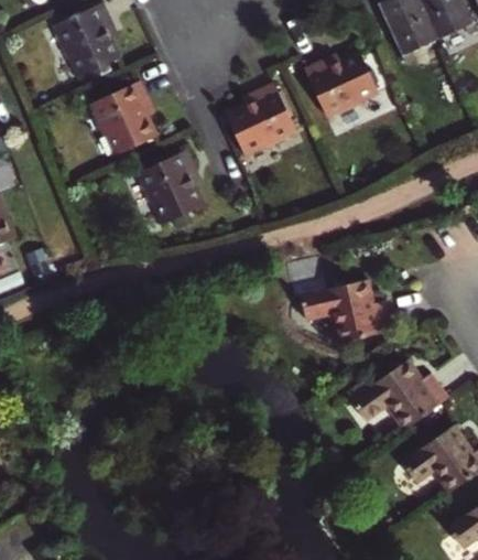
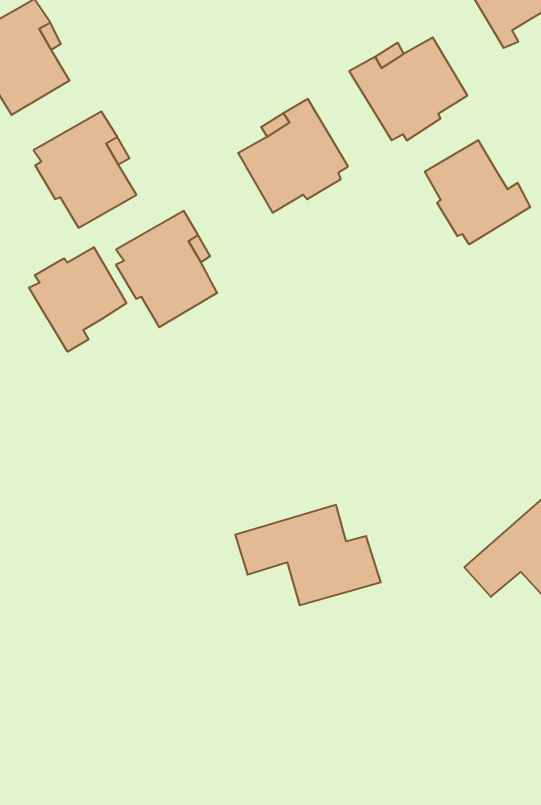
building: none -> [425,140,530,244]
building: none -> [29,247,126,352]
building: [296,277,388,340] -> [235,505,381,605]

